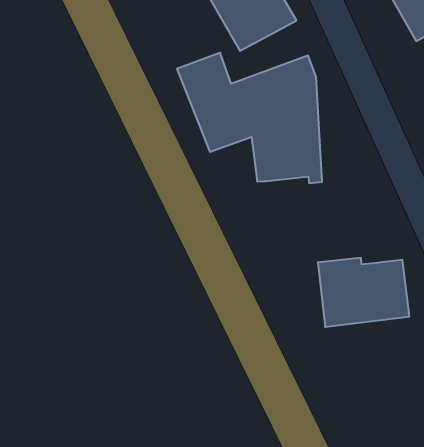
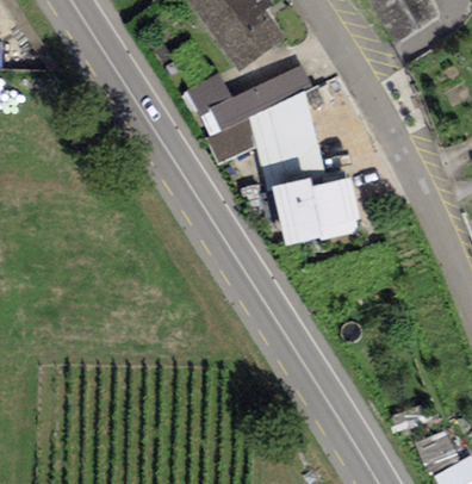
building: [318,258,409,327] -> [272,173,361,242]

